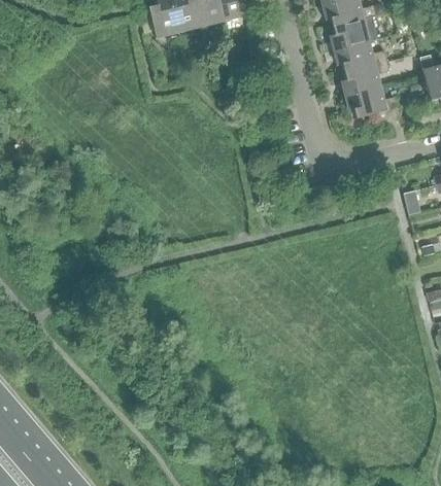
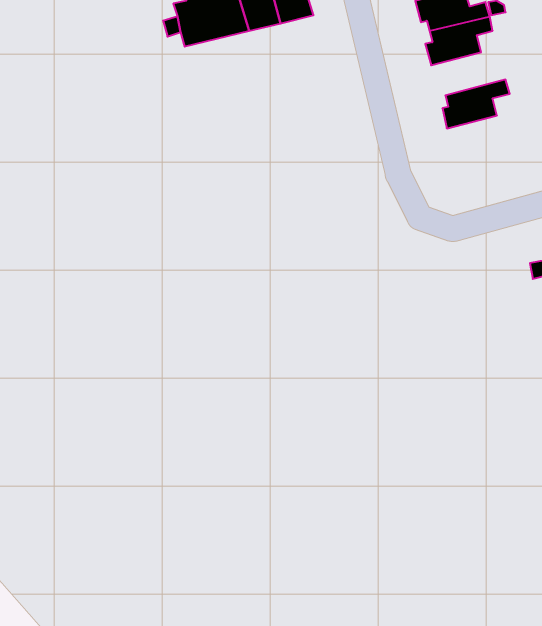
building: [333,41,386,72] -> none
building: [344,86,401,125] -> none

